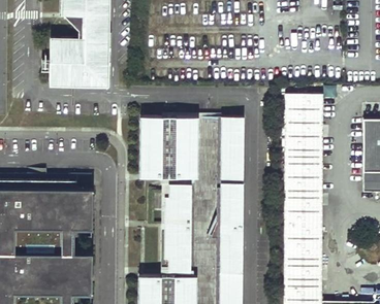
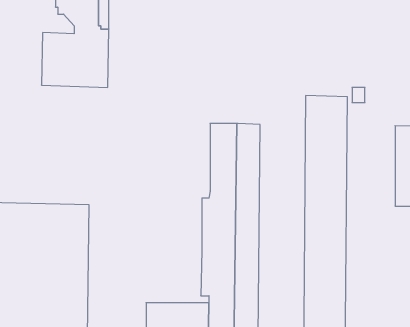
building: [144,115,199,176] -> none
building: [165,181,192,223] -> none
building: [164,229,192,269] -> none

